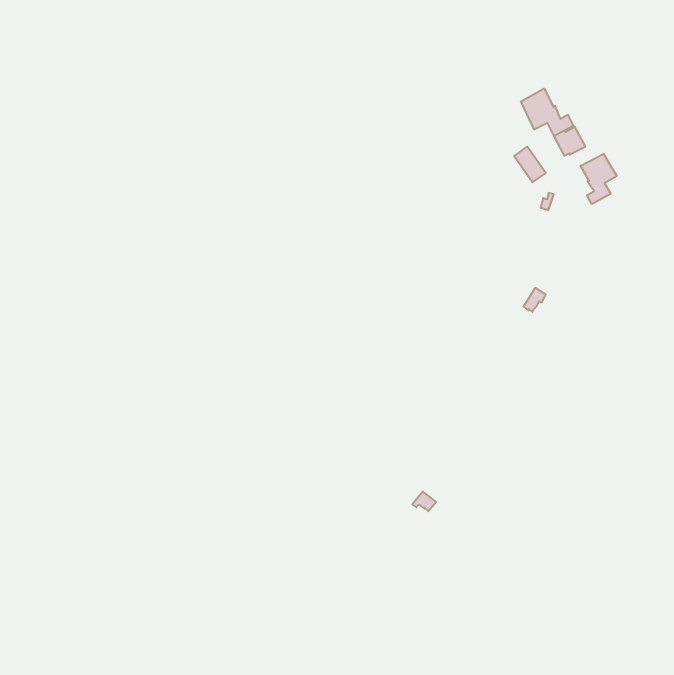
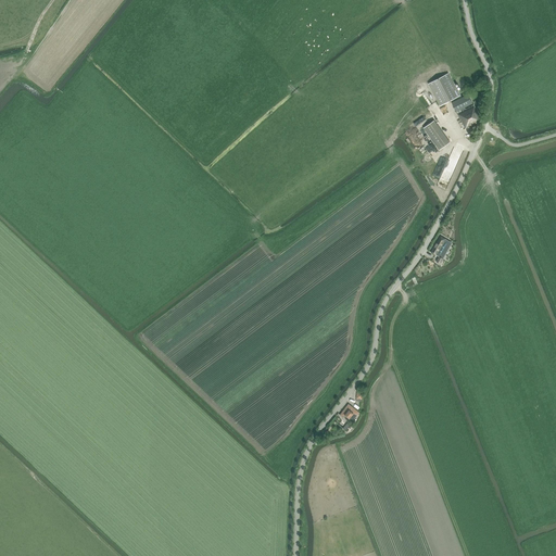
building: [580,154,617,204] -> none

